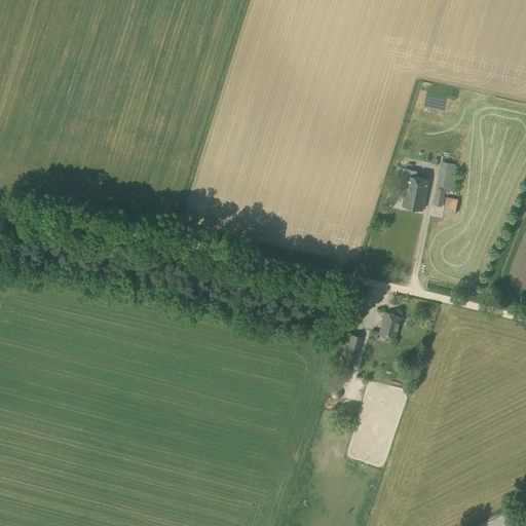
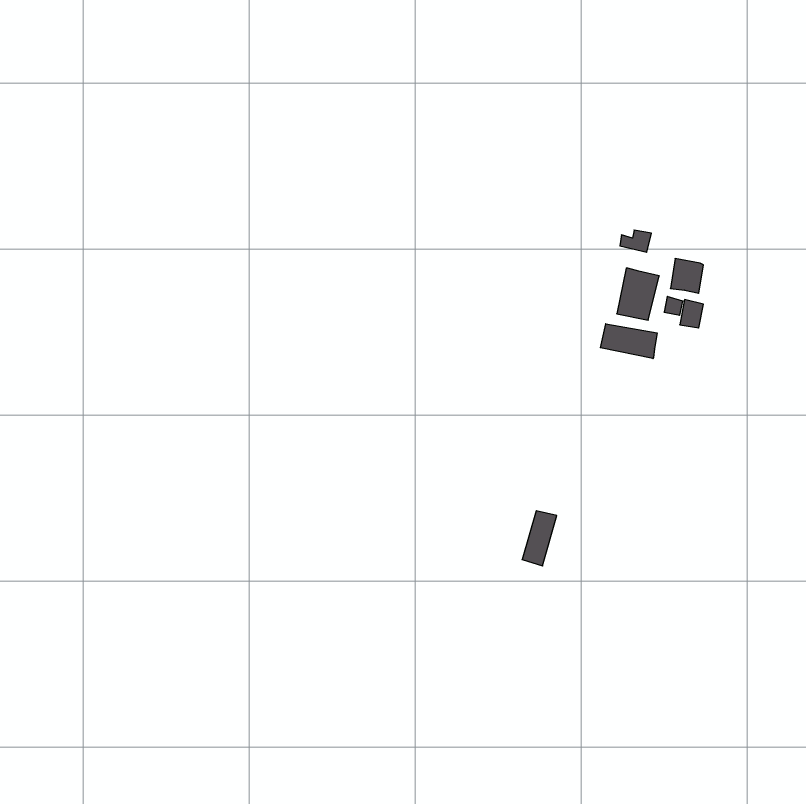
building: none -> [600,324,657,359]
building: [379,311,402,337] -> none

